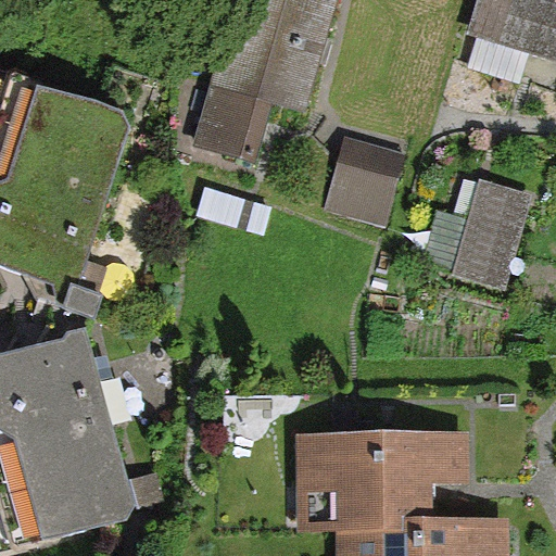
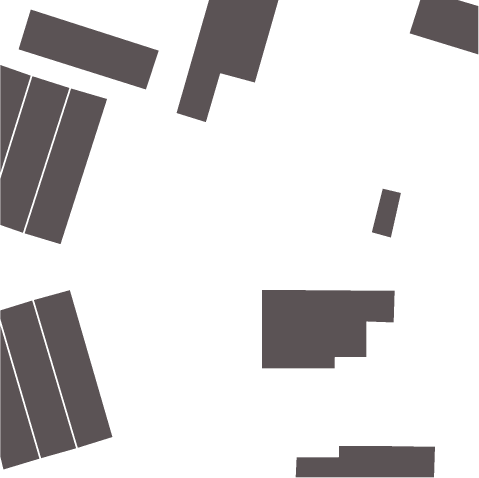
building: none -> [18,9,160,91]
building: [331,140,406,224] -> none
building: [458,187,534,293] -> none
building: [305,435,460,528] -> [261,289,395,369]

